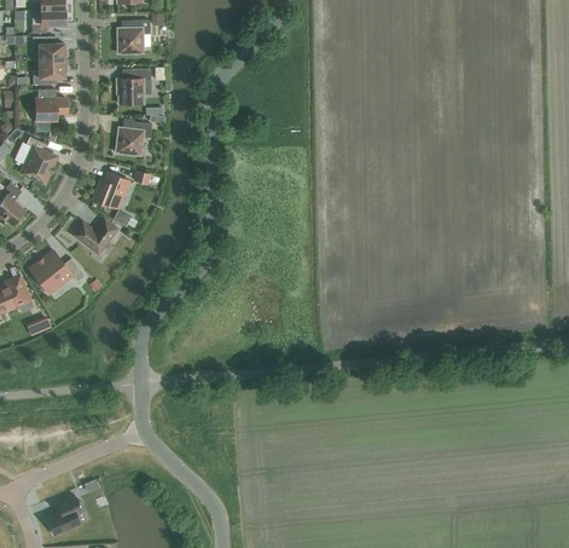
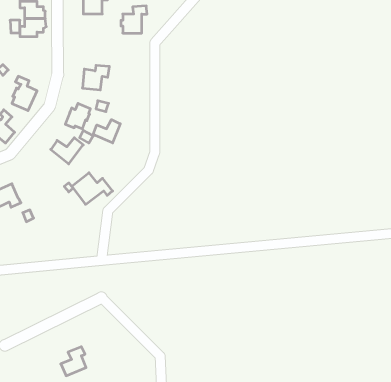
building: [116,67,151,103] -> [121,6,147,33]
building: [35,88,66,120] -> none
building: none -> [93,120,120,143]
building: [30,249,85,292] -> [72,173,113,204]
building: [46,494,80,532] -> [61,347,86,376]

